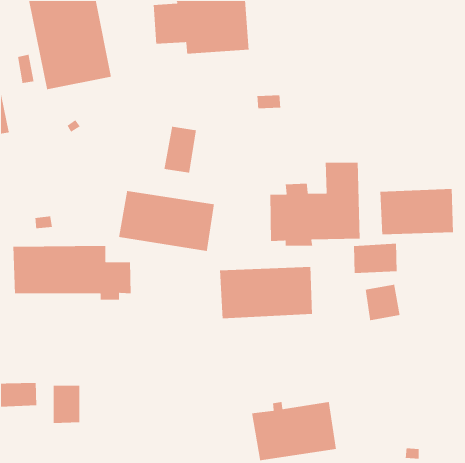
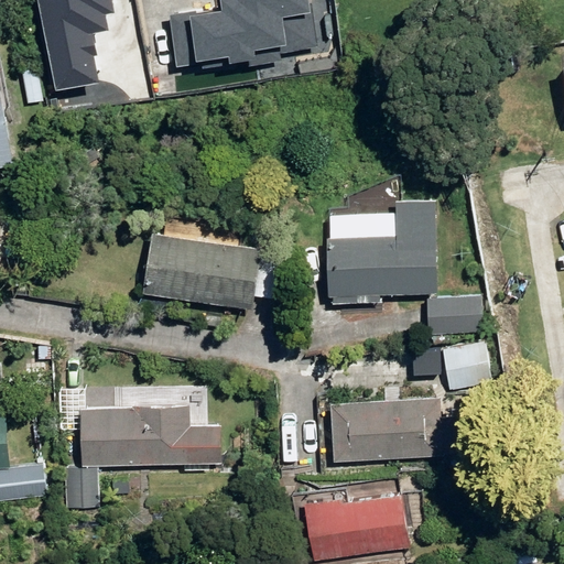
building: [163,126,197,173] -> none
building: [379,188,454,235] -> none
building: [12,245,132,301] -> [77,404,221,471]
building: [219,266,313,319] -> [329,395,443,459]

